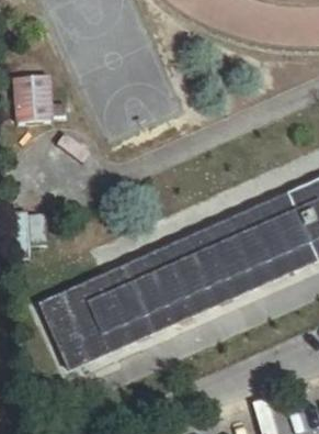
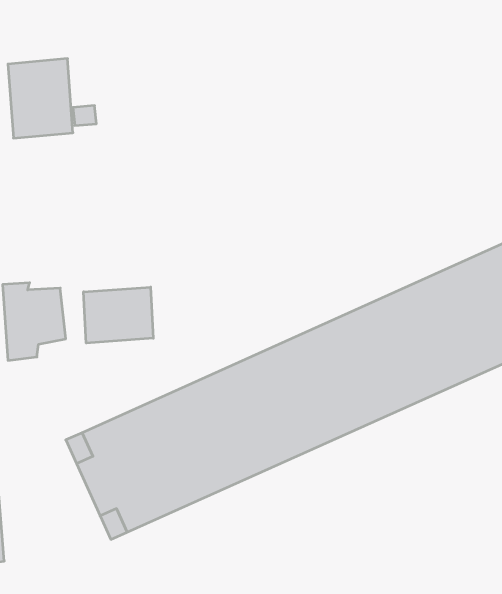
building: none -> [84,287,153,343]

